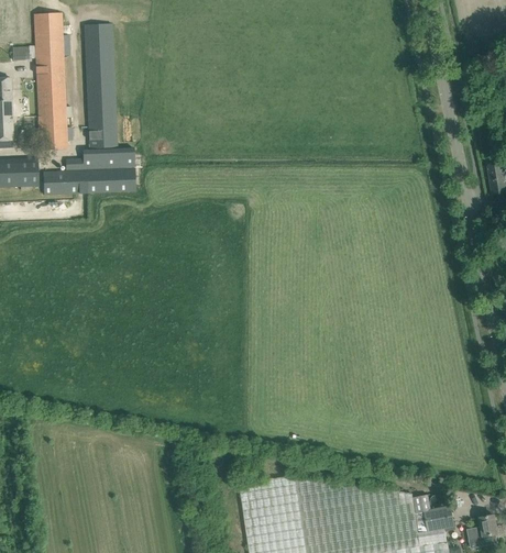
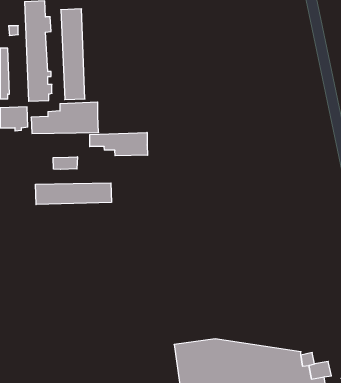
building: none -> [90,132,148,156]
building: none -> [53,157,77,169]
building: none -> [36,183,111,205]

